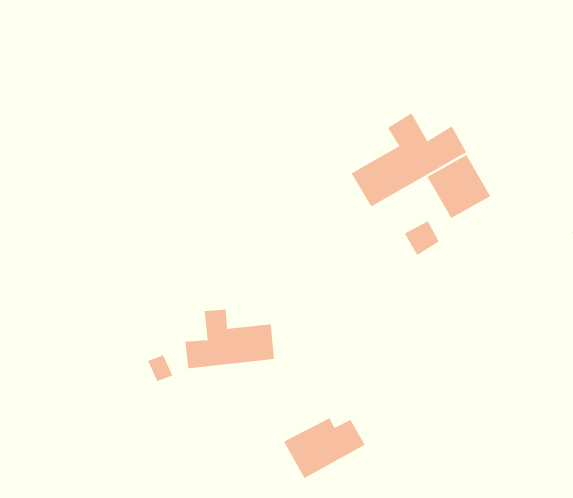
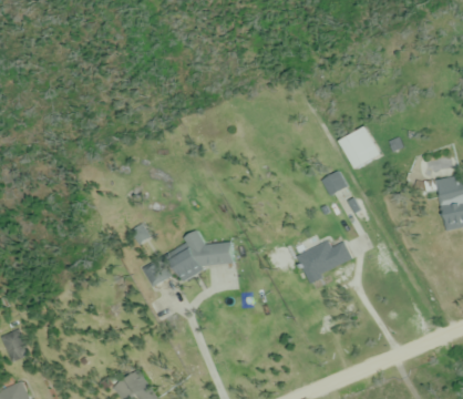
building: [351,112,467,207] -> none
building: [283,417,366,479] -> [296,241,352,283]

